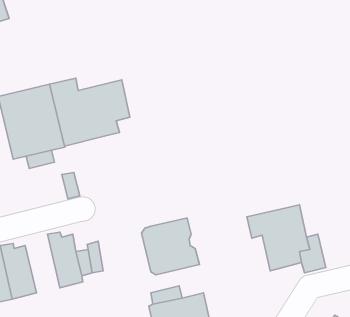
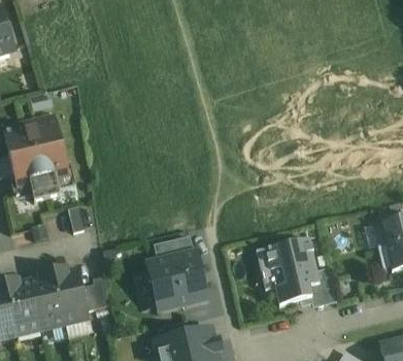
building: [50,78,130,146] -> none
building: none -> [154,235,194,260]
building: none -> [30,268,65,328]

